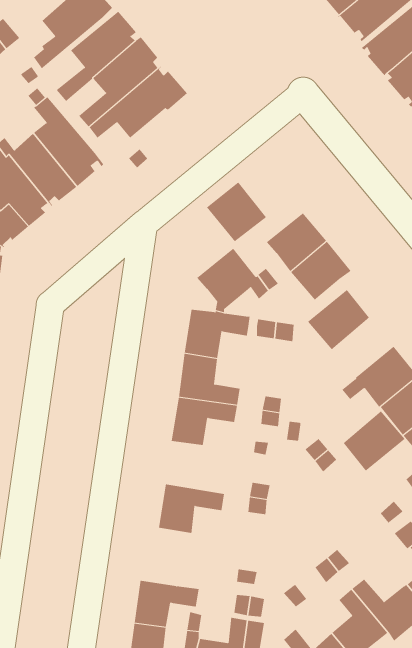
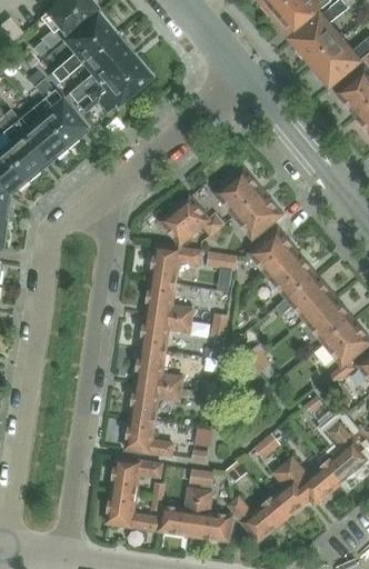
building: [206,181,267,242] -> none
building: [343,410,405,472] -> [267,251,316,299]
building: none -> [137,348,185,389]
building: none -> [127,416,176,456]

